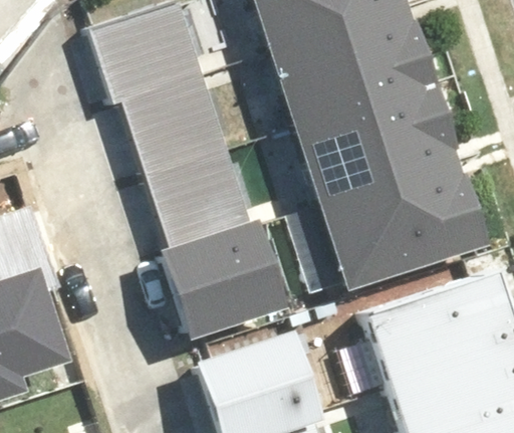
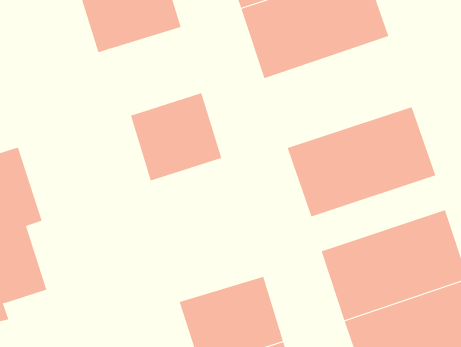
building: [127,72,228,169] -> none
building: [295,82,457,204] -> none
building: [164,215,277,328] -> none

